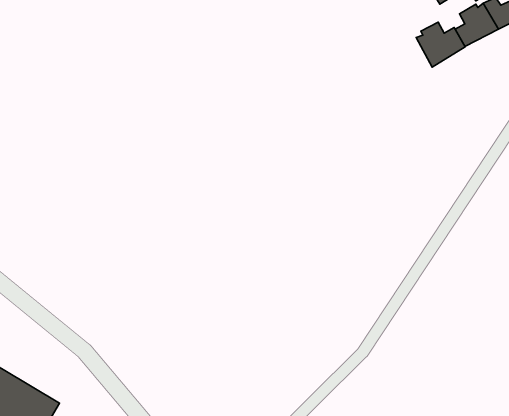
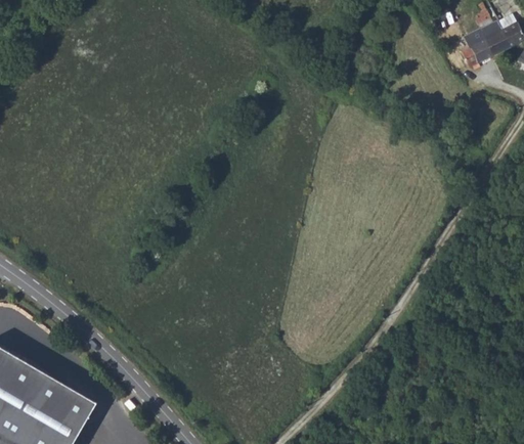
building: [416,22,465,67] -> none

